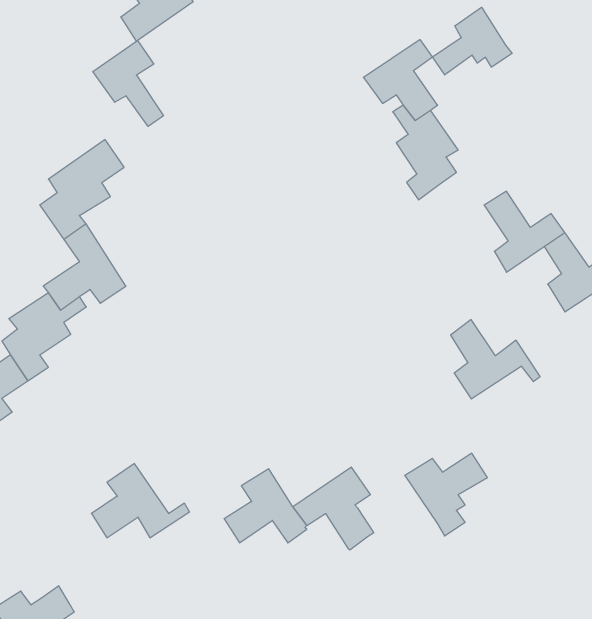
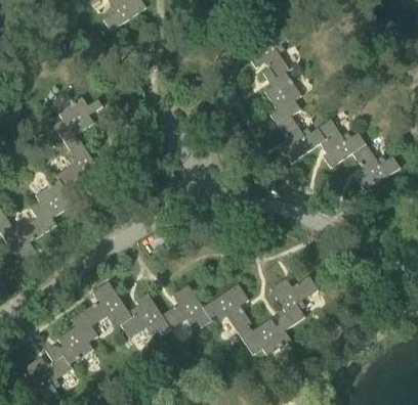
building: [432,7,512,75] -> none
building: [93,40,164,126] -> none
building: [451,320,540,399] -> [278,116,331,163]
building: none -> [118,292,171,339]
building: none -> [45,311,97,364]
building: none -> [235,317,293,357]

